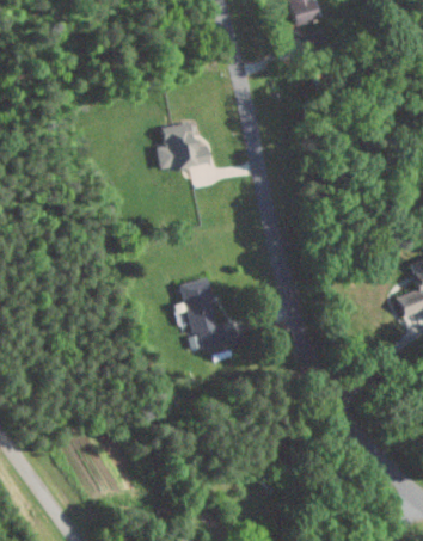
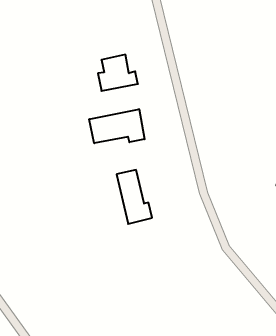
building: none -> [89,109,145,143]

